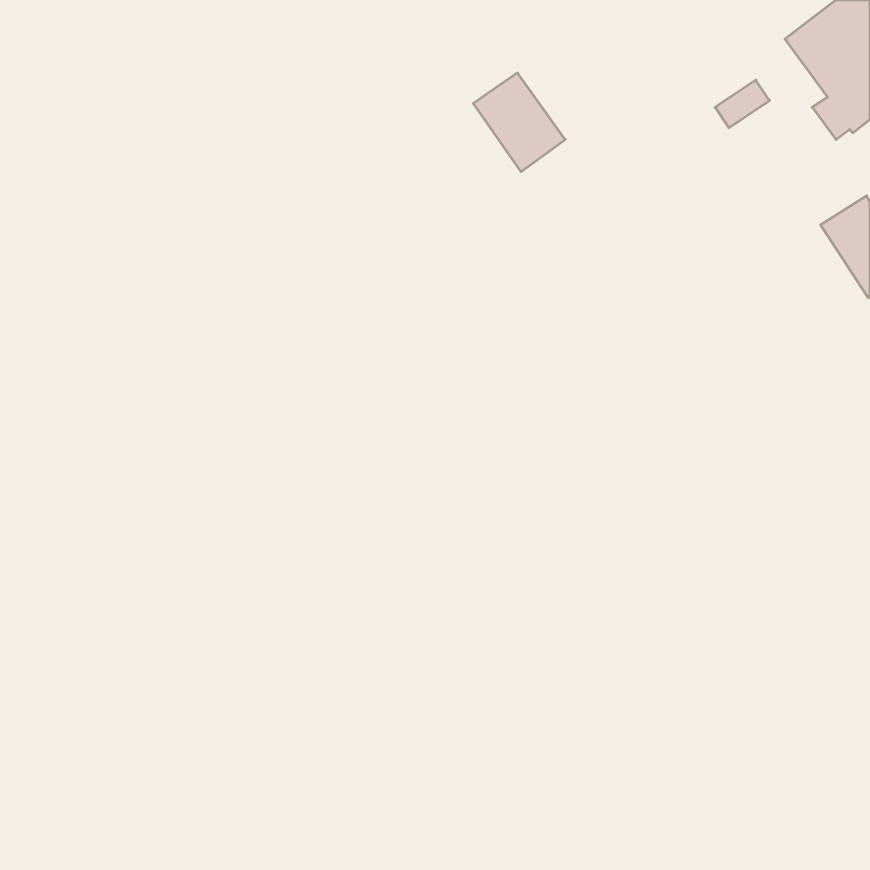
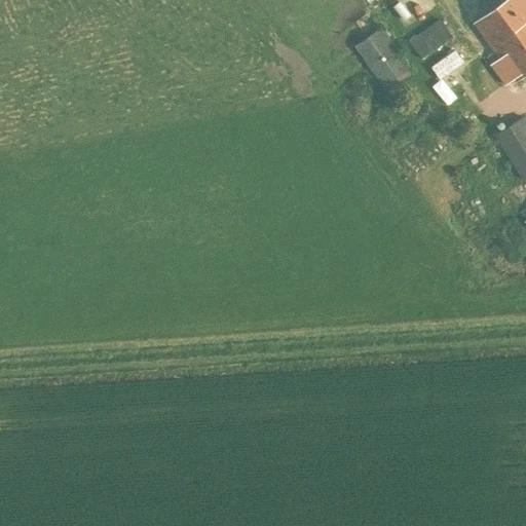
building: none -> [409,20,451,59]
building: [473,73,565,172] -> [354,28,410,87]

